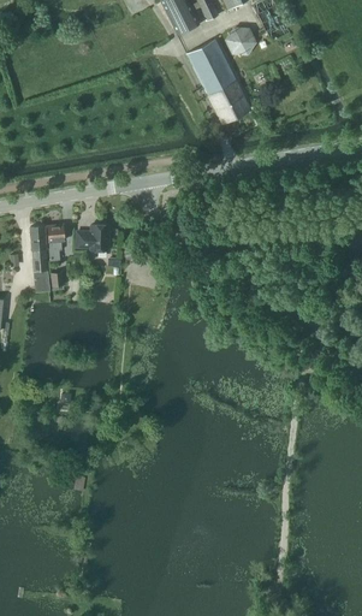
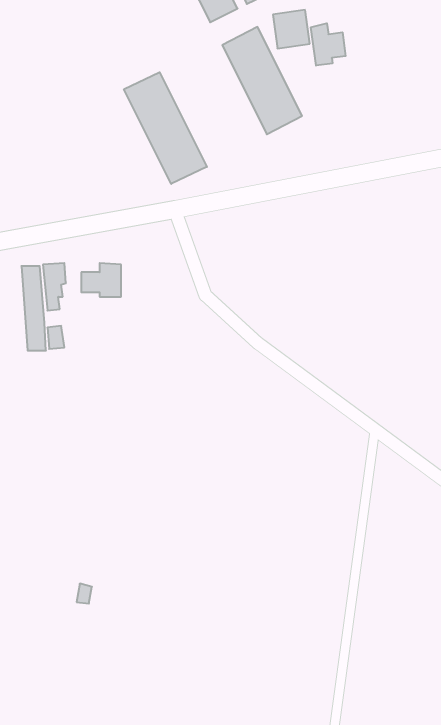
building: none -> [311,23,346,66]
building: none -> [124,72,207,184]

